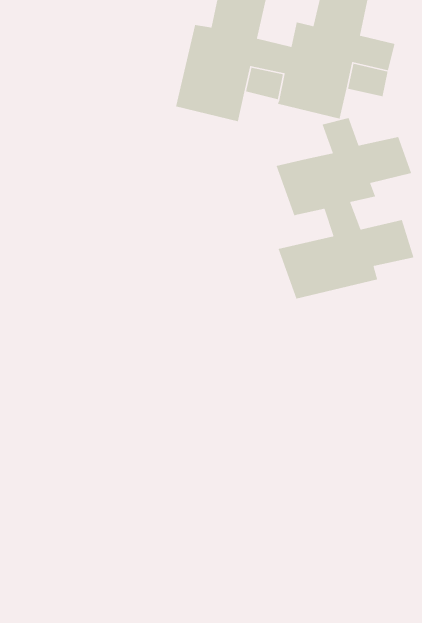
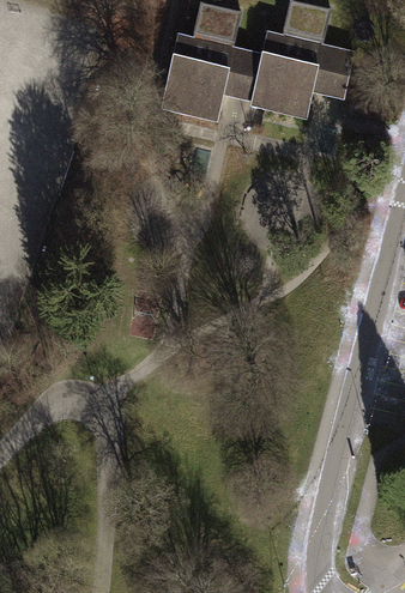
building: [275,117,414,299] -> none

